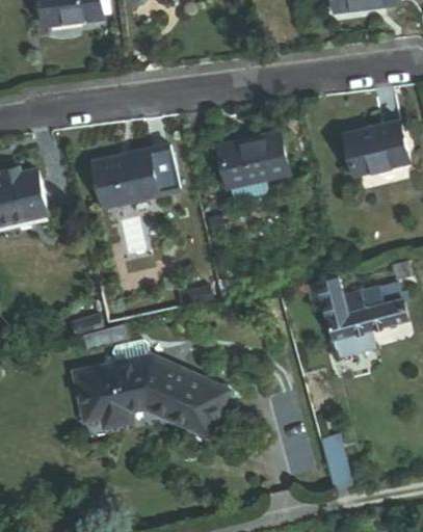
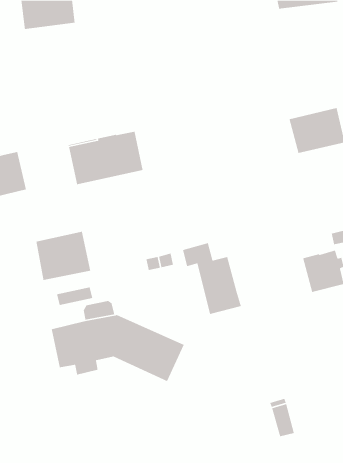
building: [217,133,287,188] -> none
building: none -> [35,231,91,281]
building: [307,276,374,358] -> [182,242,242,315]

